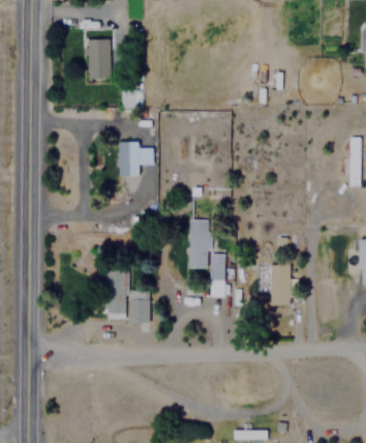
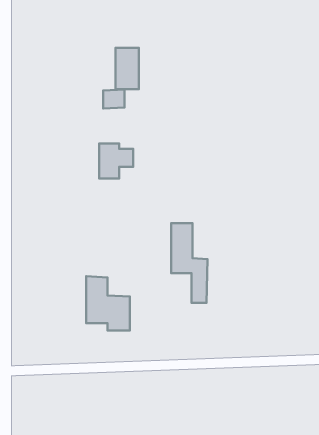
building: [86,38,109,79] -> [115,48,139,89]
building: [270,263,288,306] -> none

